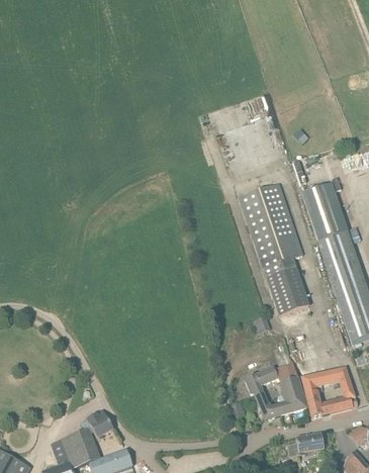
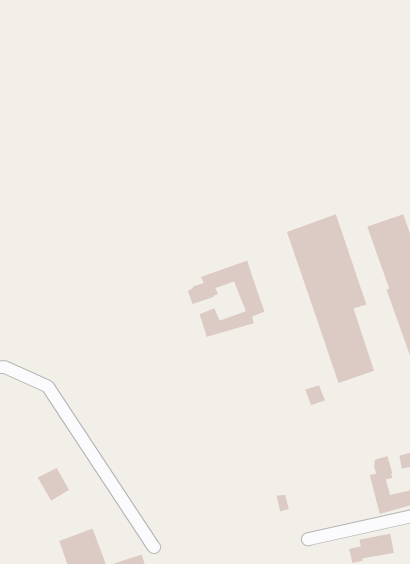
building: none -> [187,259,265,338]
building: [245,362,307,418] -> none
building: [87,409,113,437] -> [37,467,70,502]

